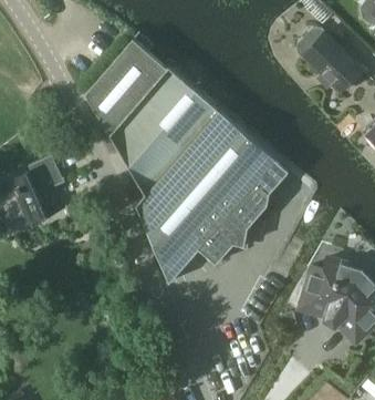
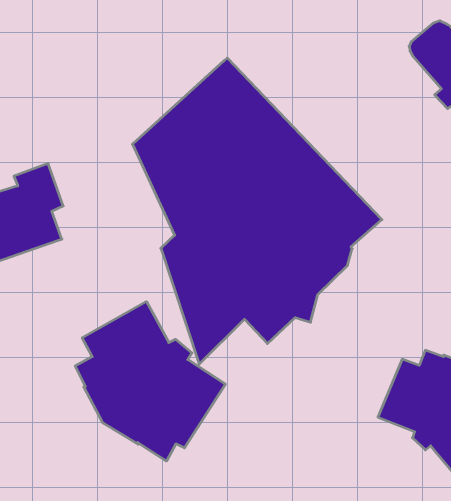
building: [85,39,168,134] -> none
building: none -> [75,302,225,461]

